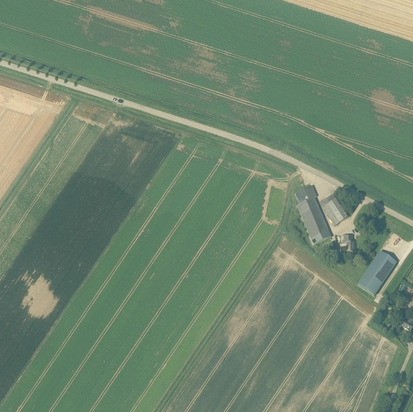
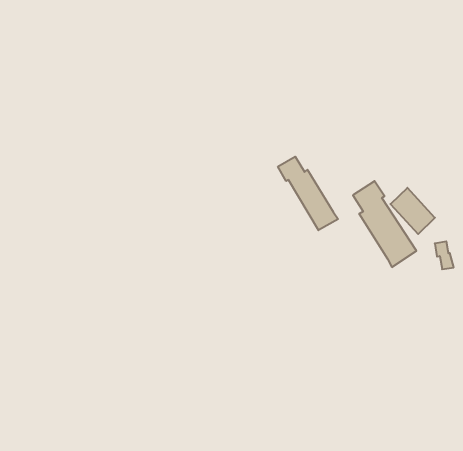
building: none -> [278,157,338,230]

